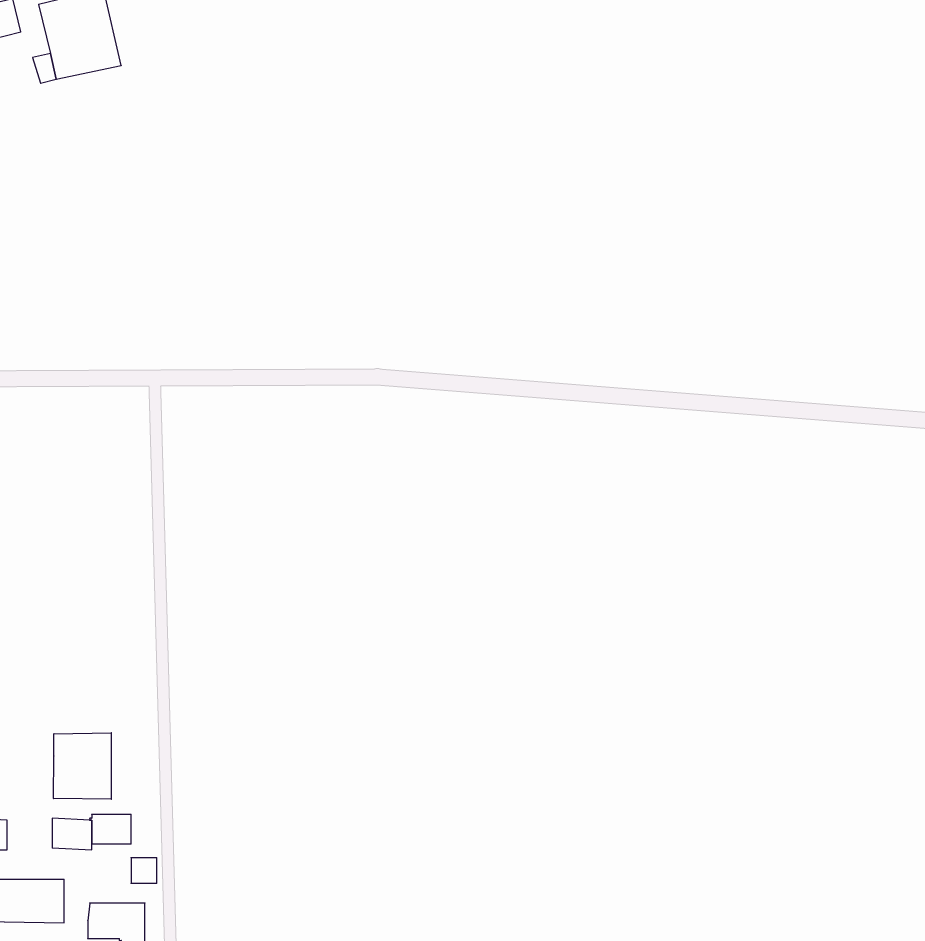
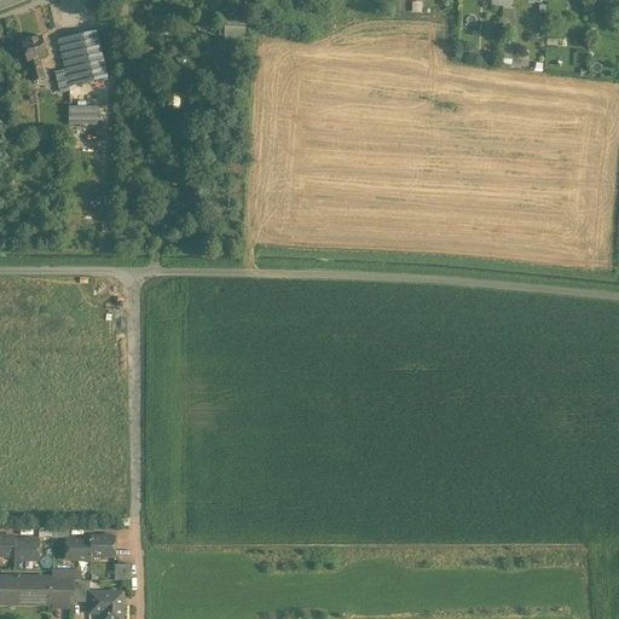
building: none -> [68,104,97,123]
building: [54,733,111,799] -> none

